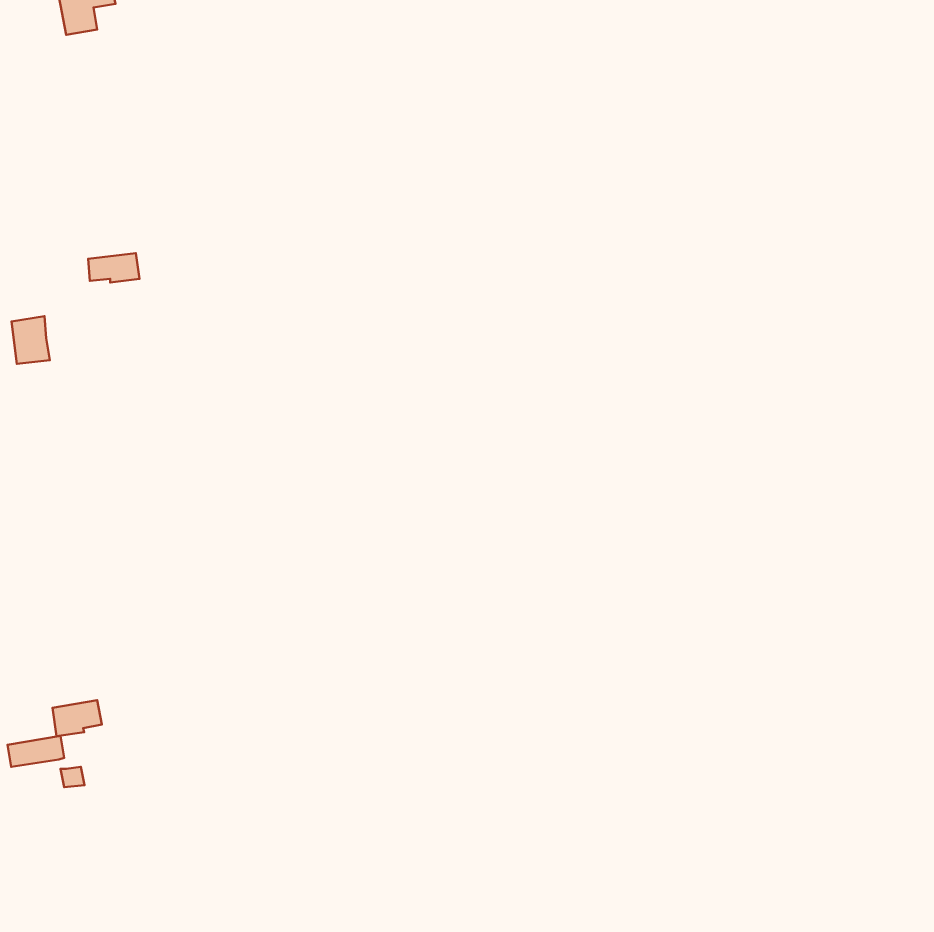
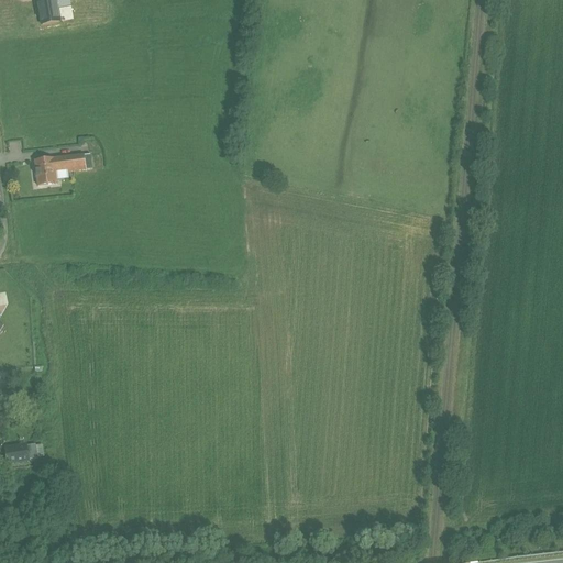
building: [11,316,50,364] -> [33,155,56,184]
building: [52,700,102,736] -> none

